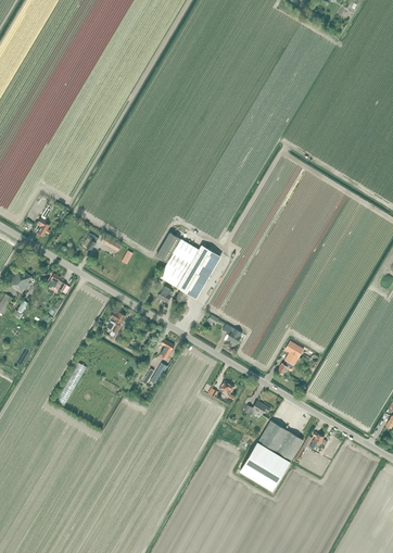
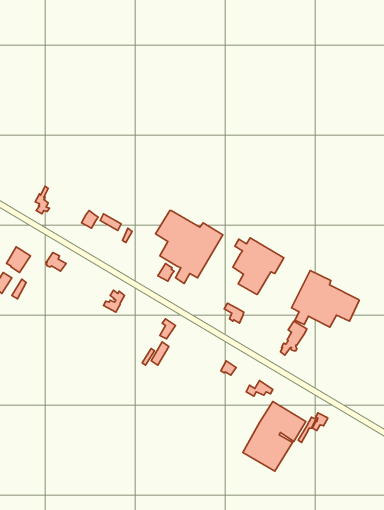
building: none -> [233,238,284,294]
building: none -> [291,270,359,327]

